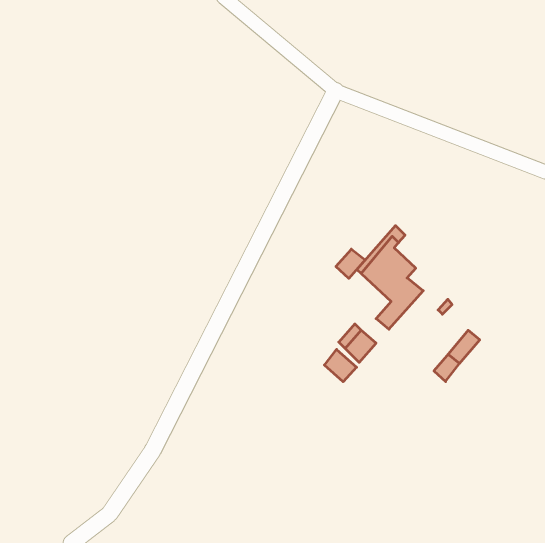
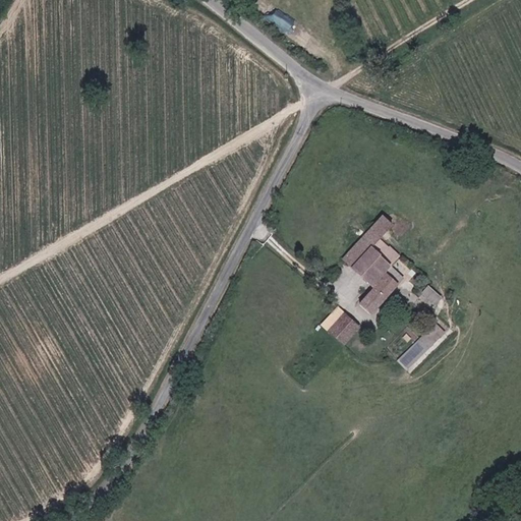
building: [336,249,365,278] -> none
building: [324,349,357,382] -> none

